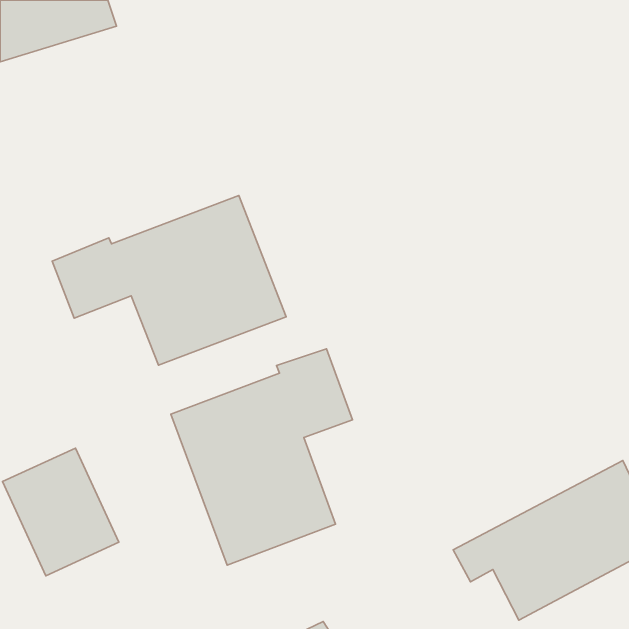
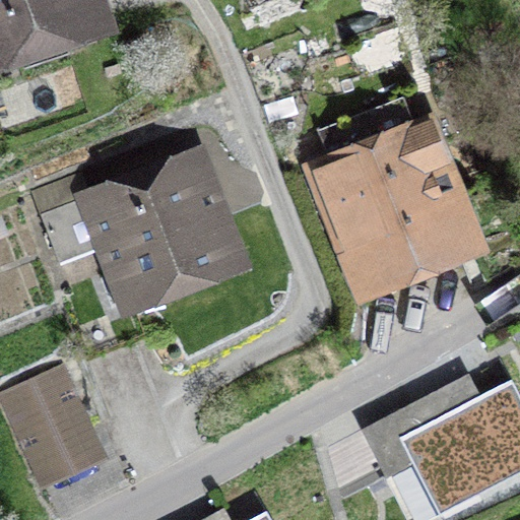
building: none -> [319,103,476,290]
building: [171,349,353,565] -> none

